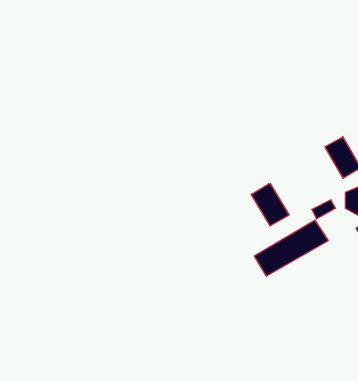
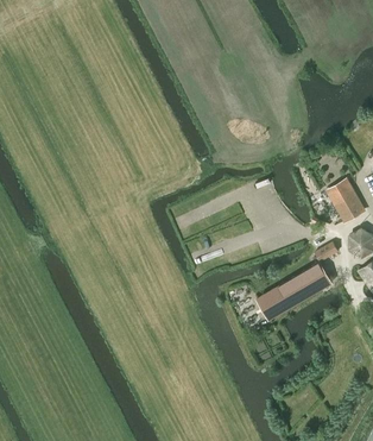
building: [251,183,289,226] -> none

